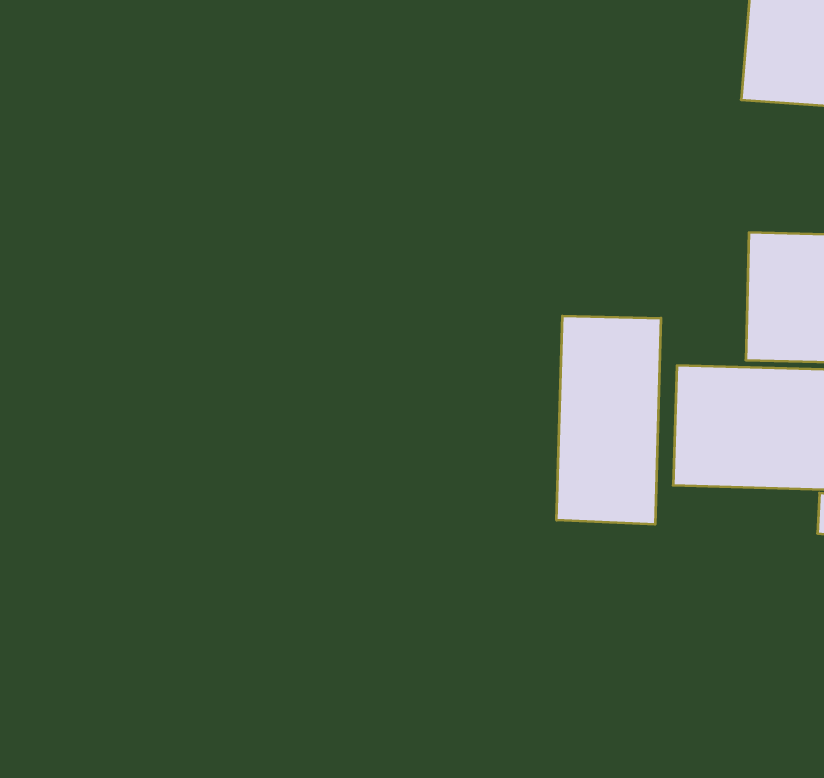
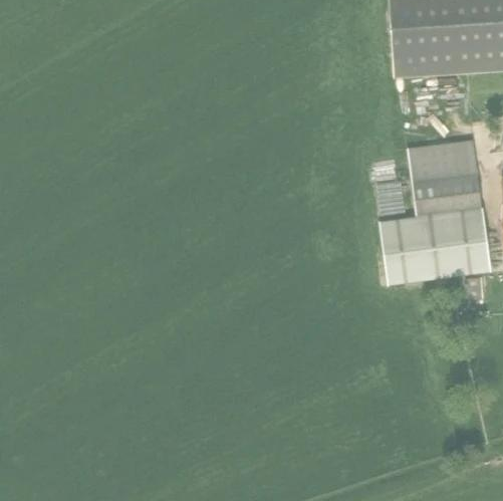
building: [557,316,661,524] -> none

